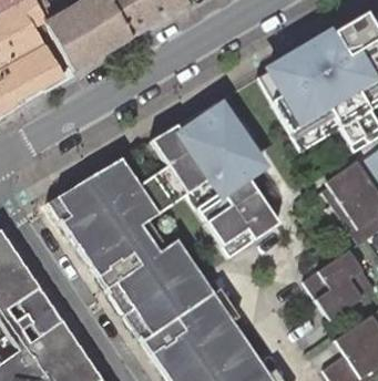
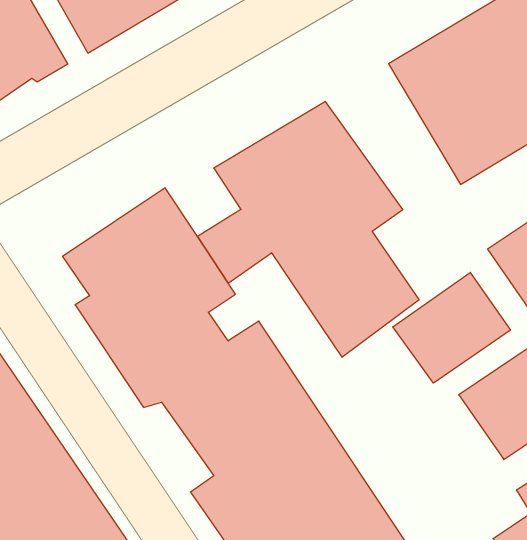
building: none -> [393,272,510,383]

